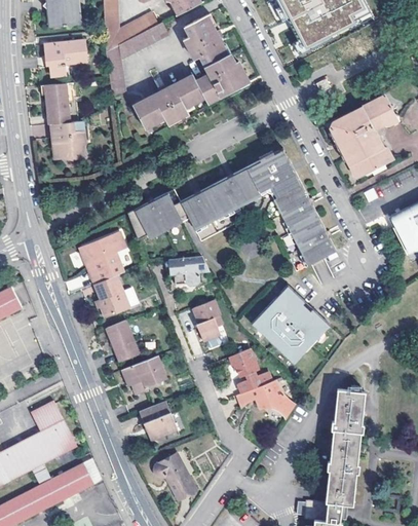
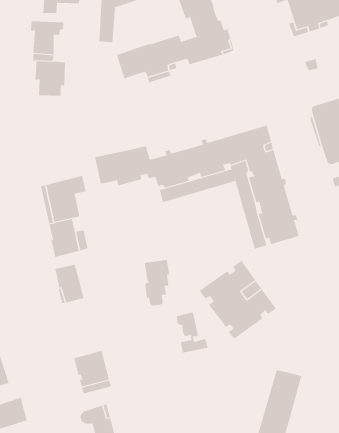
building: [166,258,210,286] -> none
building: [122,351,166,390] -> none
building: [239,376,294,415] -> none

